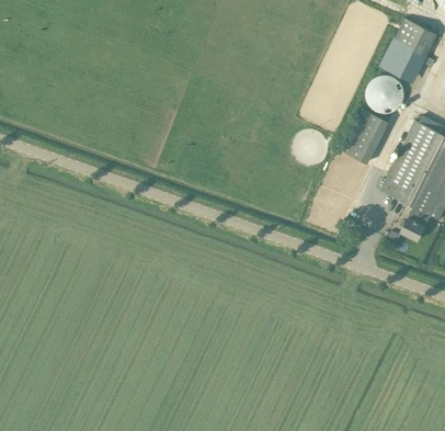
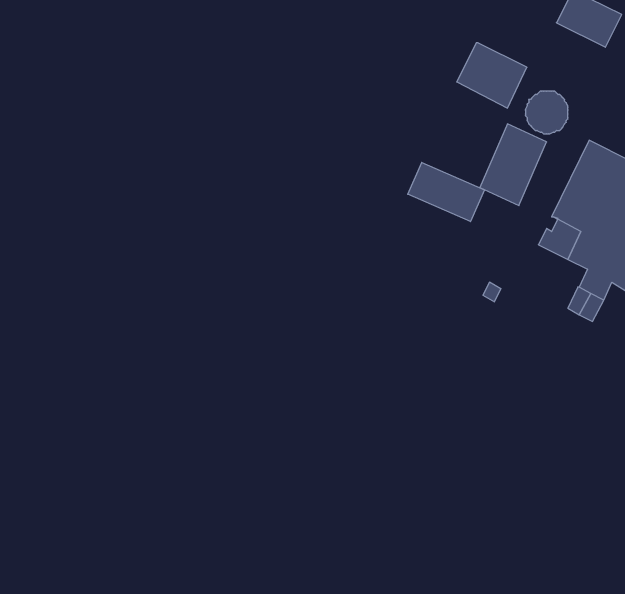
building: [379,41,426,84] -> [457,43,527,108]
building: none -> [408,162,484,222]

